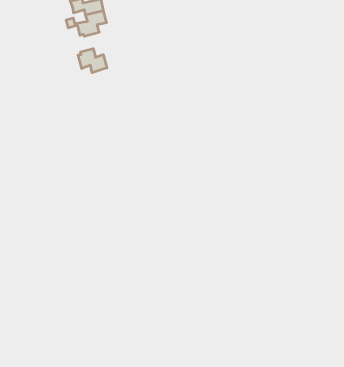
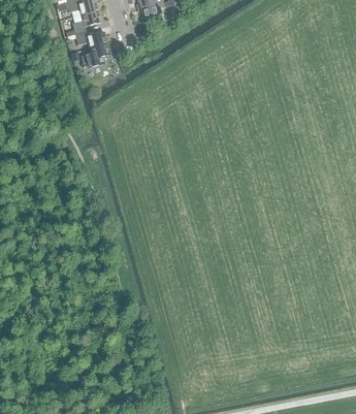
building: [78,49,107,73] -> none

